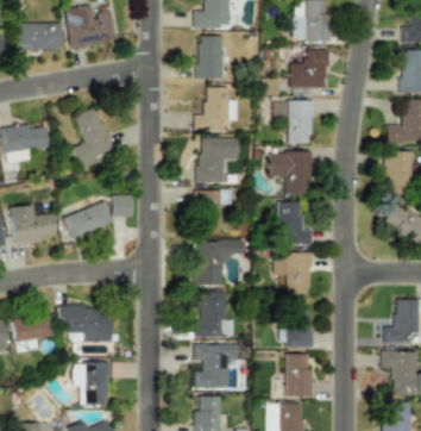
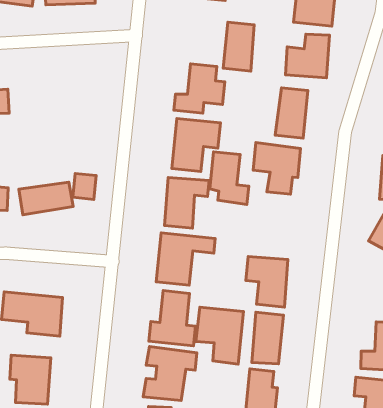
building: [199,36,224,77] -> [223,22,254,71]
building: [74,107,113,171] -> none
building: [278,201,313,245] -> [210,152,249,205]
building: none -> [196,307,243,364]

